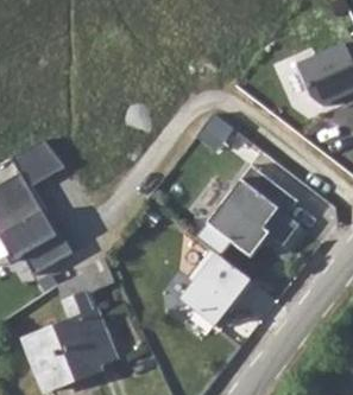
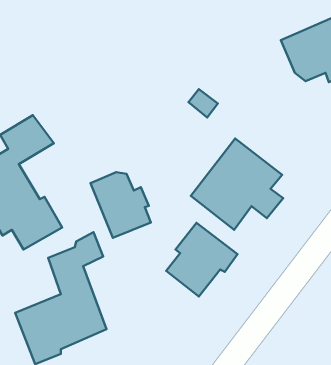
building: none -> [90,172,151,238]

